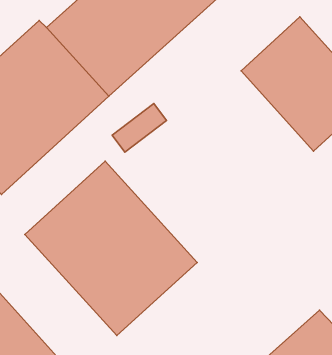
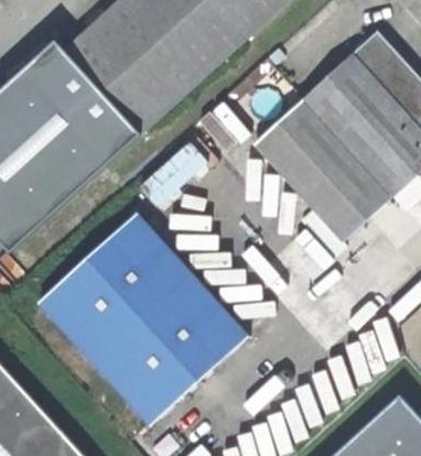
building: none -> [252,101,391,246]

